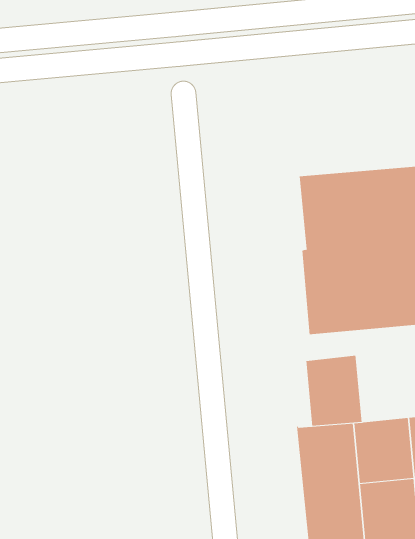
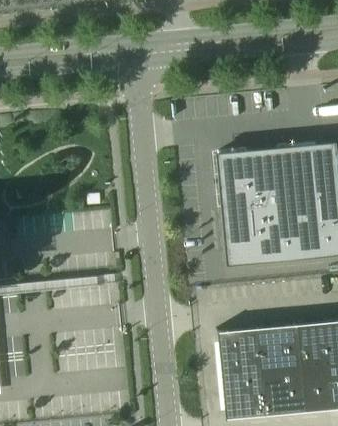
building: [306,355,362,426] -> none

